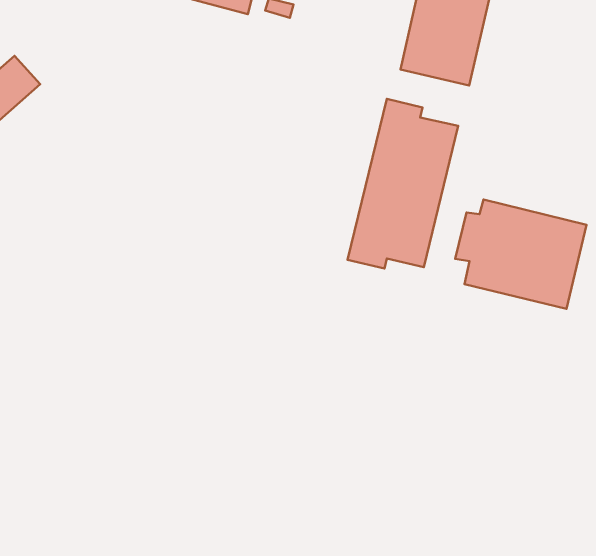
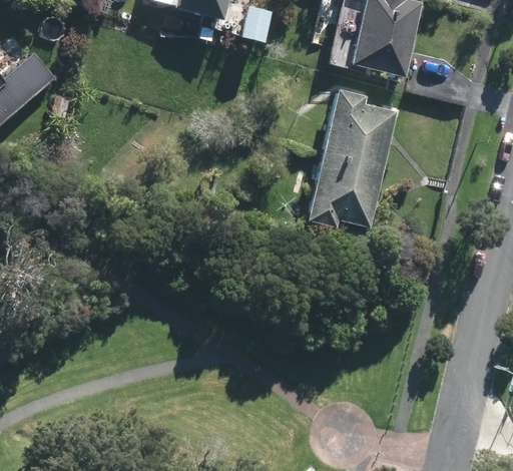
building: [455,200,587,309] -> none

